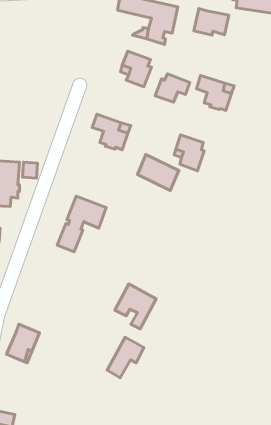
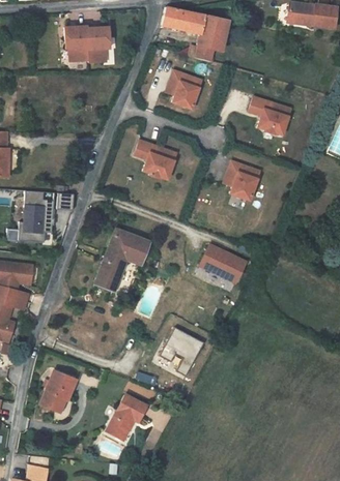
building: [194,8,229,35] -> none
building: none -> [64,26,108,62]
building: [155,74,190,102] -> none
building: [137,155,179,190] -> [199,243,245,282]
building: [107,337,144,378] -> [106,393,146,438]

